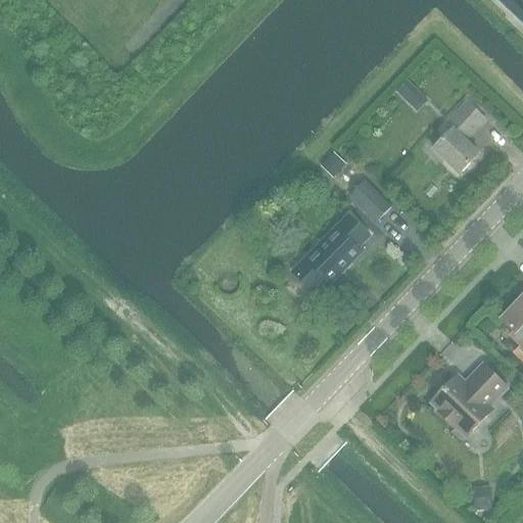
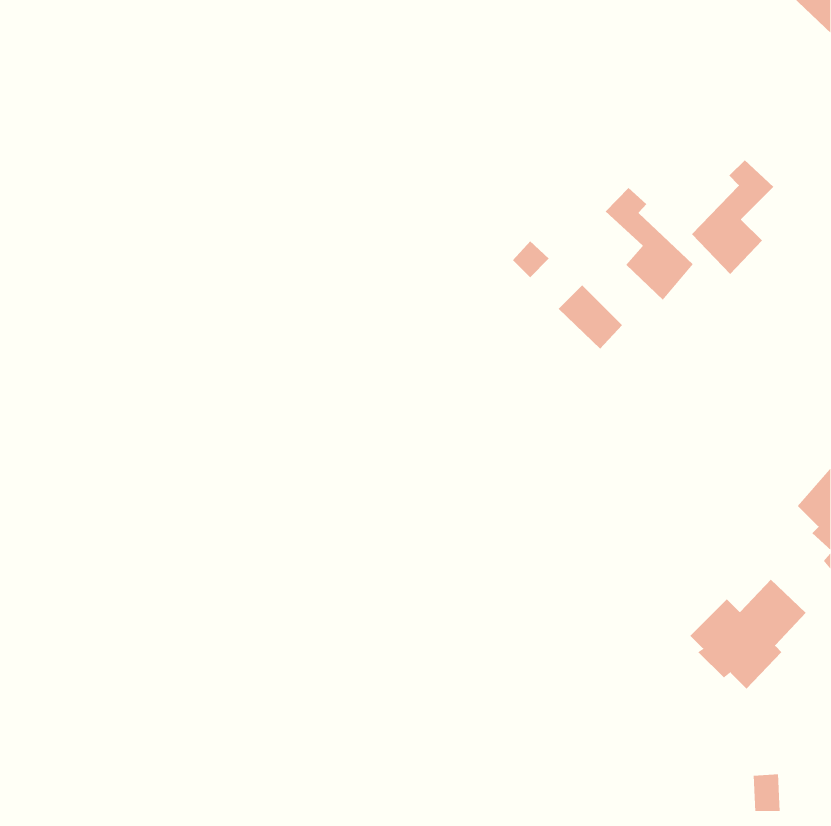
building: none -> [605,187,694,301]
building: [292,212,371,291] -> none

